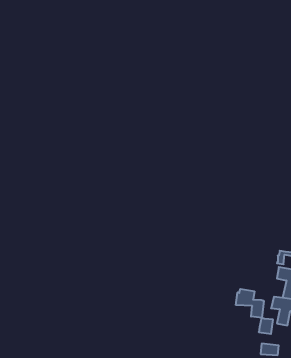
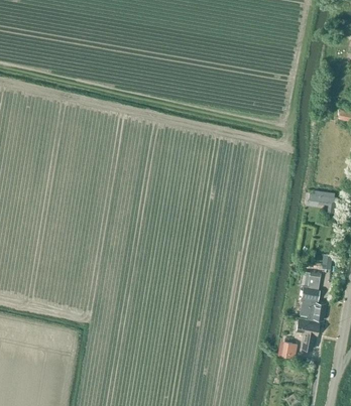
building: [236,289,264,318] -> none

